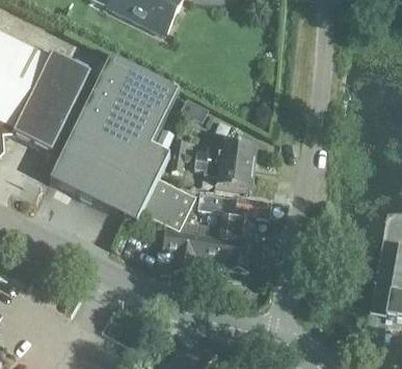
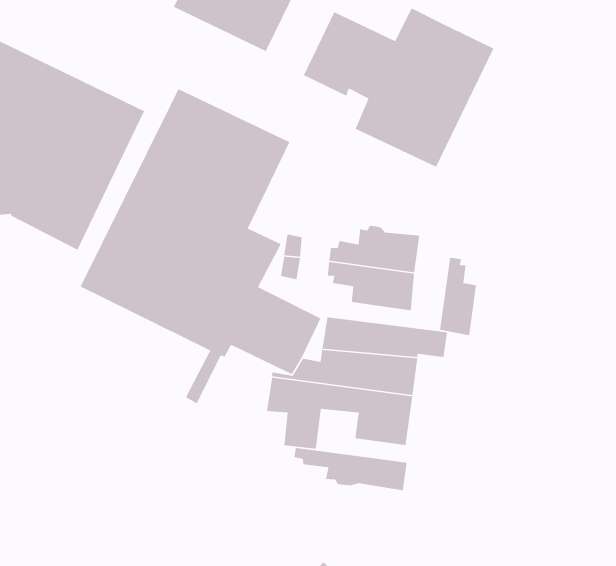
building: none -> [303,7,494,168]
building: none -> [439,257,477,336]
building: none -> [294,447,408,491]

